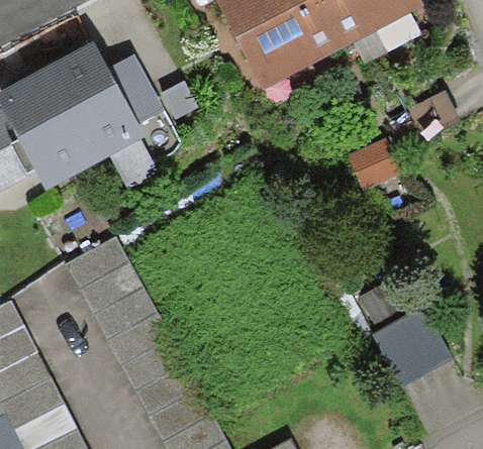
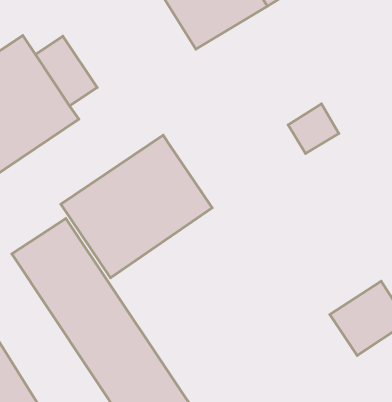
building: none -> [61,135,212,278]

